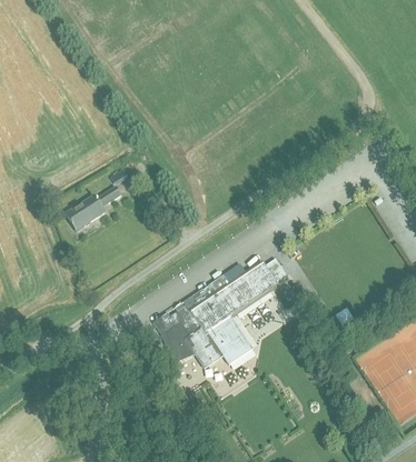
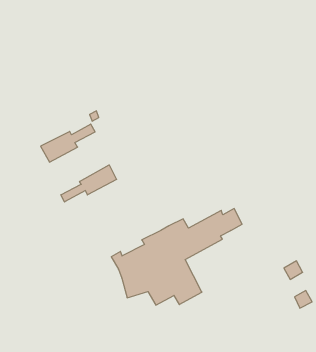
building: none -> [61,165,117,202]

